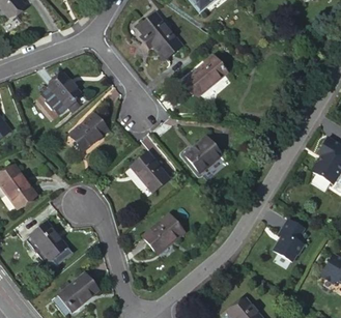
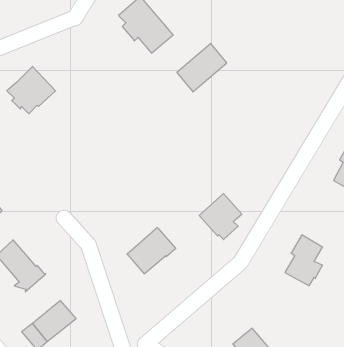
building: [66,114,105,151] -> none
building: [179,134,216,173] -> [199,194,242,240]
building: [126,151,164,191] -> none

